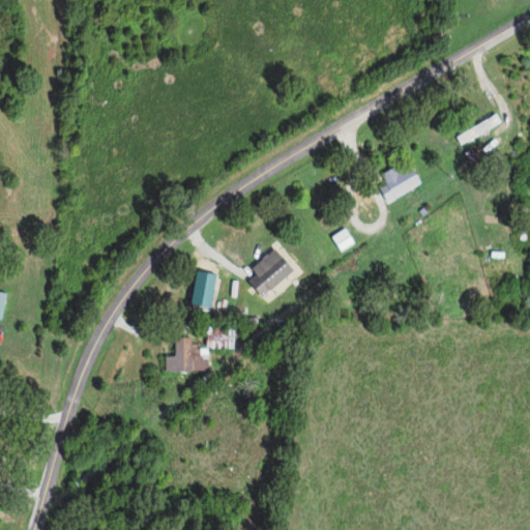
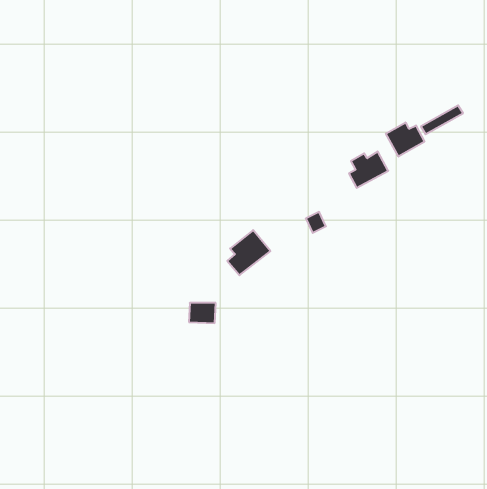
building: none -> [386,122,424,157]
building: [190,271,217,308] -> none
building: [167,337,210,373] -> none

